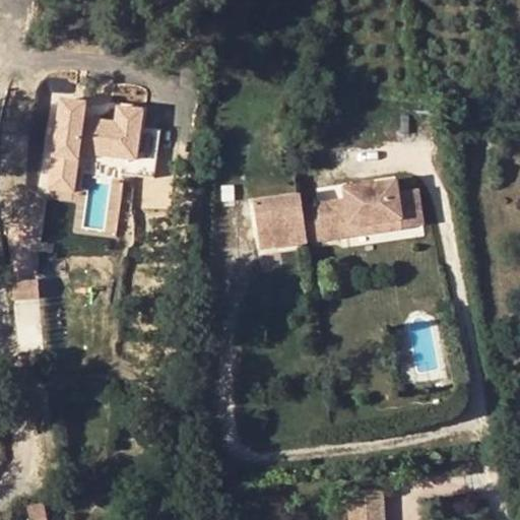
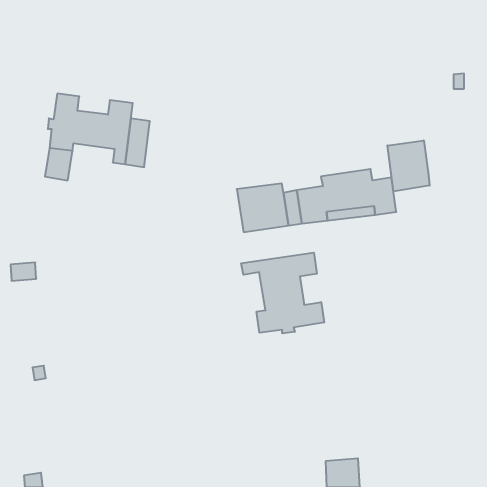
building: none -> [387,140,430,192]
building: none -> [241,253,324,333]

